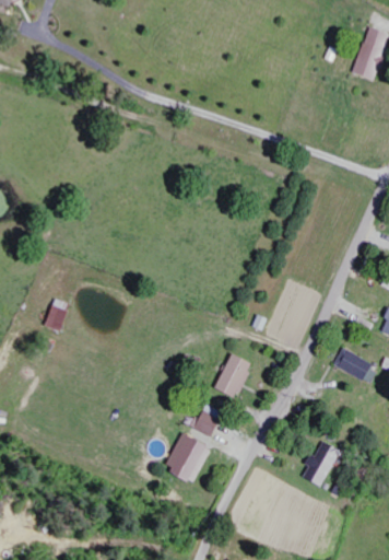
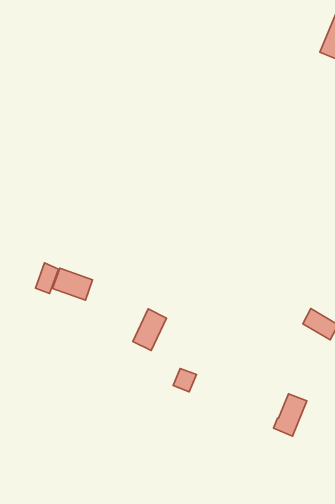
building: none -> [53,268,93,300]
building: [214,353,250,398] -> [133,309,166,350]
building: [170,436,208,482] -> none

